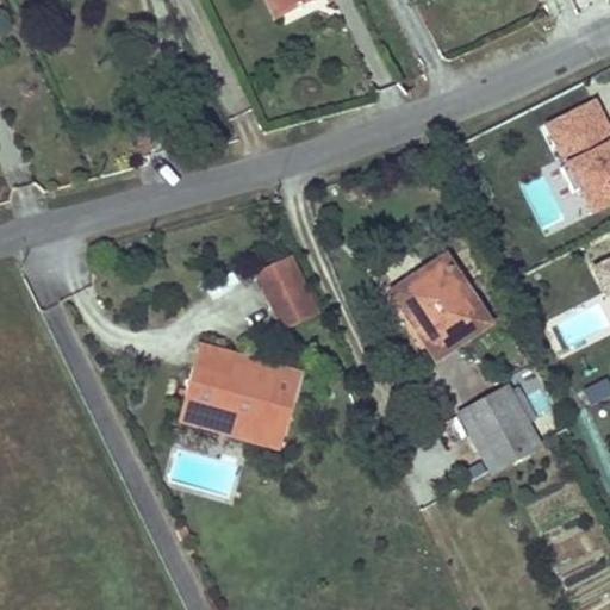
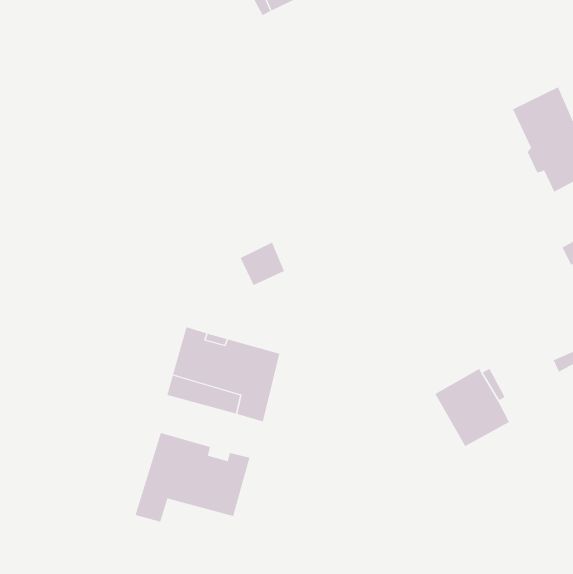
building: [392,255,488,357] -> none
building: [270,287,318,331] -> none
building: none -> [135,432,250,522]

